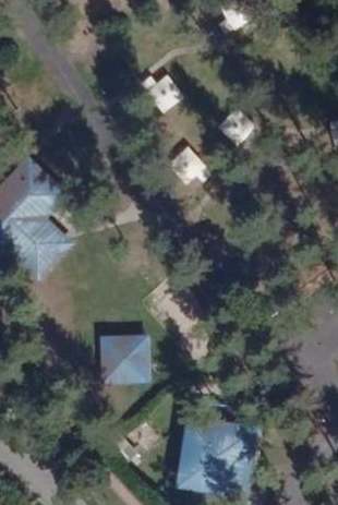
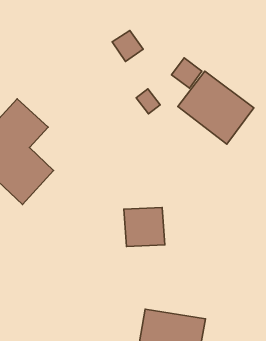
building: none -> [178,71,254,144]
building: [100,335,150,383] -> [124,208,165,247]

